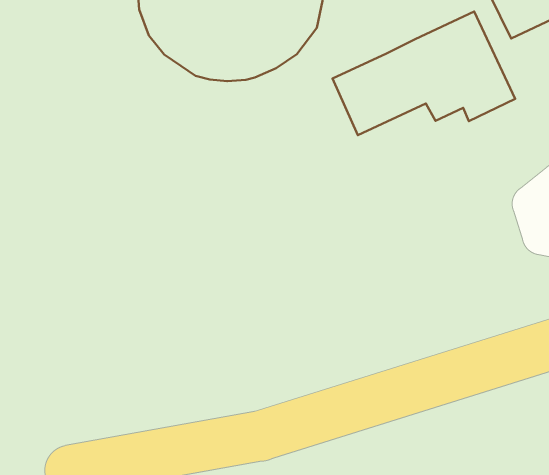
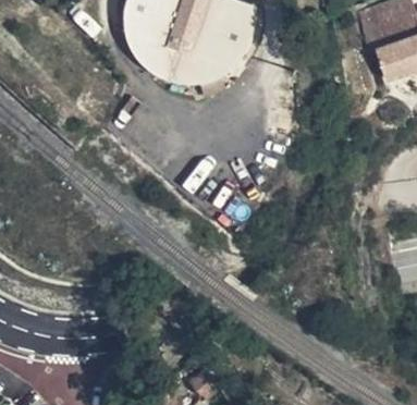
building: [332,11,515,135] -> none

